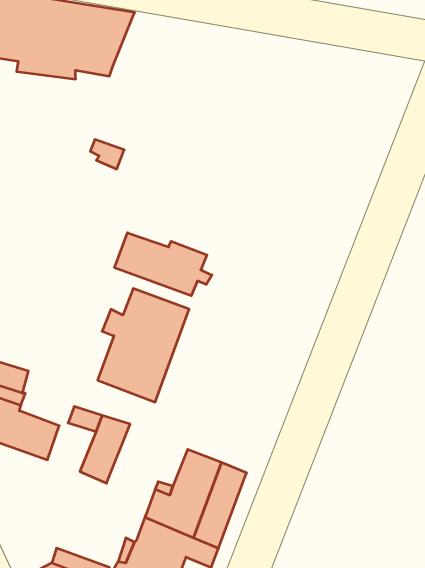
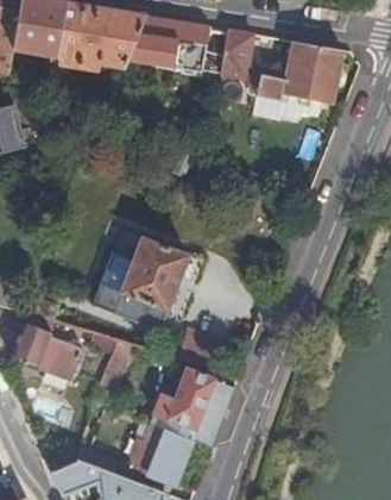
building: none -> [125,15,251,77]
building: none -> [251,40,341,100]
building: [115,233,212,296] -> none

